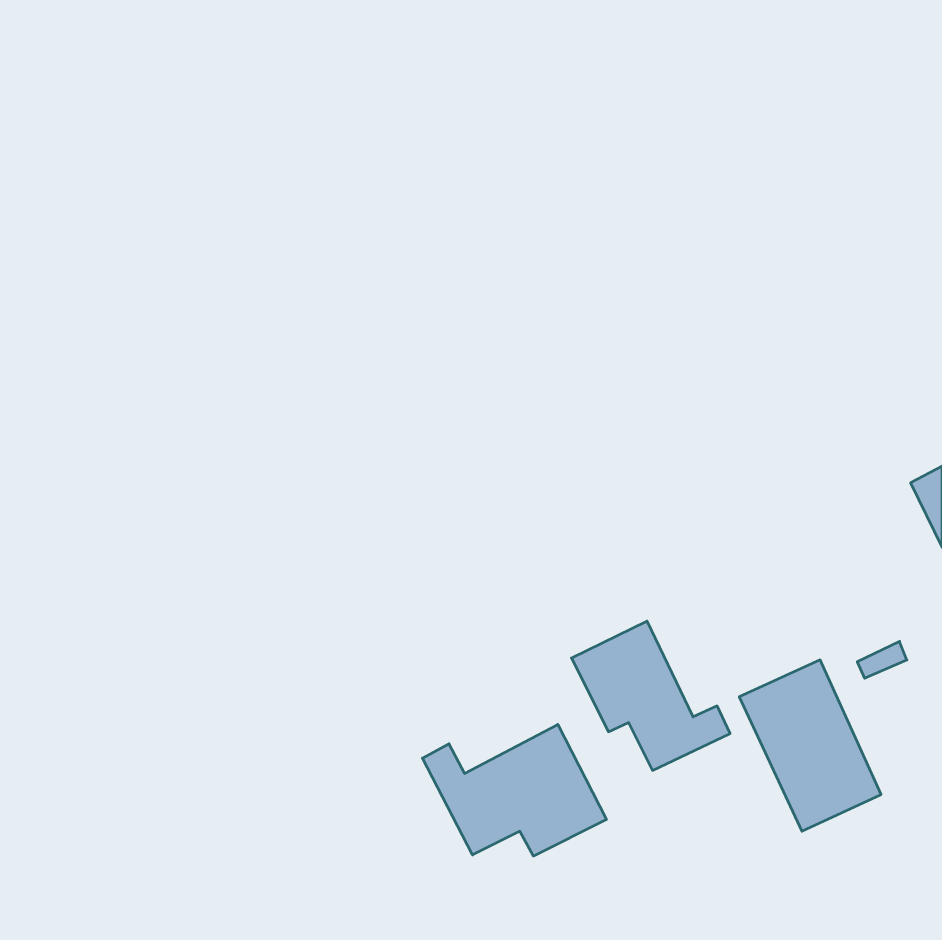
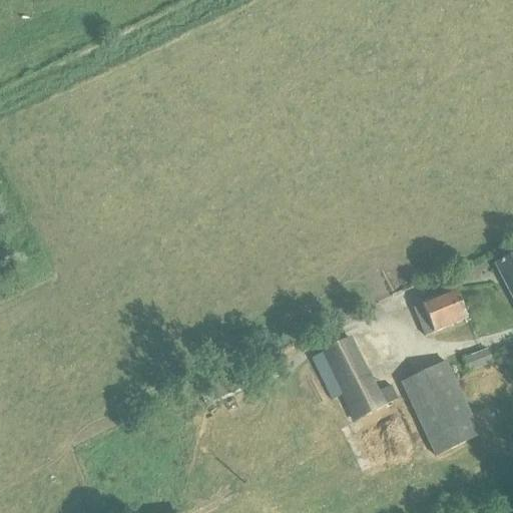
building: none -> [413,288,465,334]
building: [422,724,606,856] -> none

